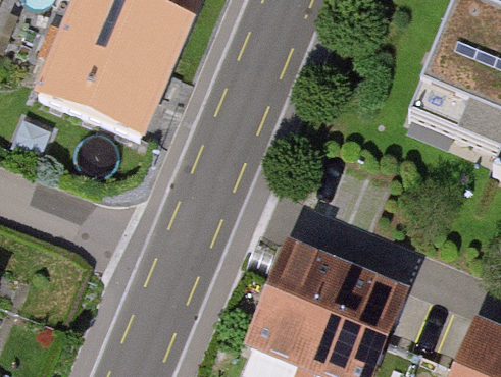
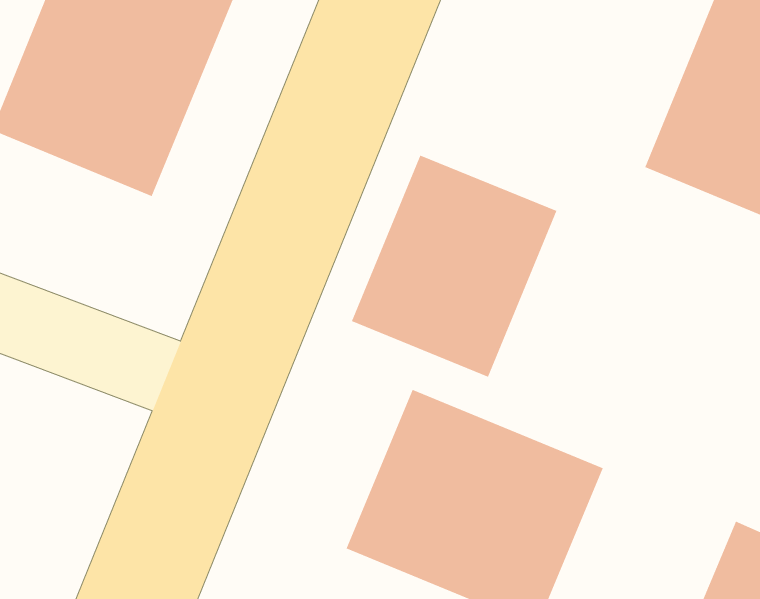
building: none -> [351,154,558,378]

